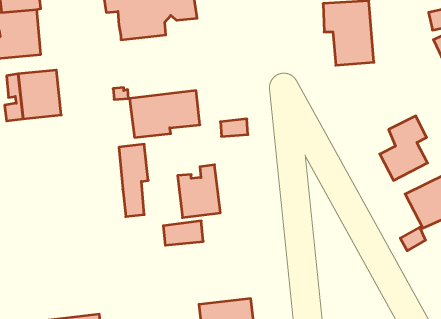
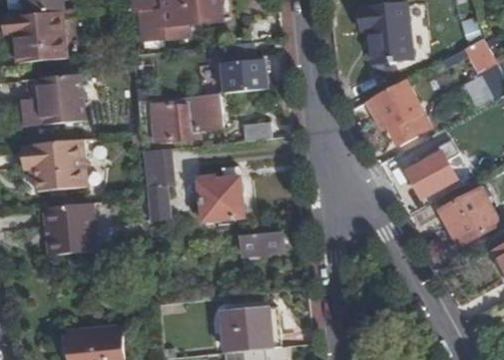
building: none -> [220,44,270,97]
building: none -> [376,70,420,134]
building: none -> [27,140,86,192]
building: none -> [41,204,96,258]
building: [163,221,203,245] -> [243,232,285,257]

